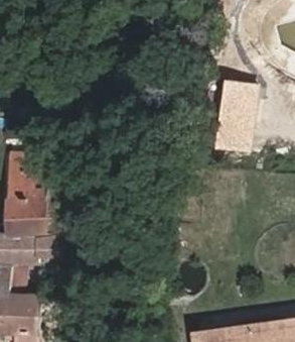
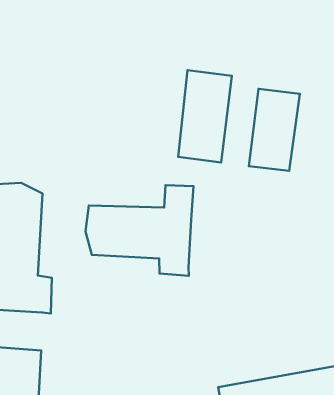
building: none -> [178,70,232,162]
building: none -> [85,185,194,276]

